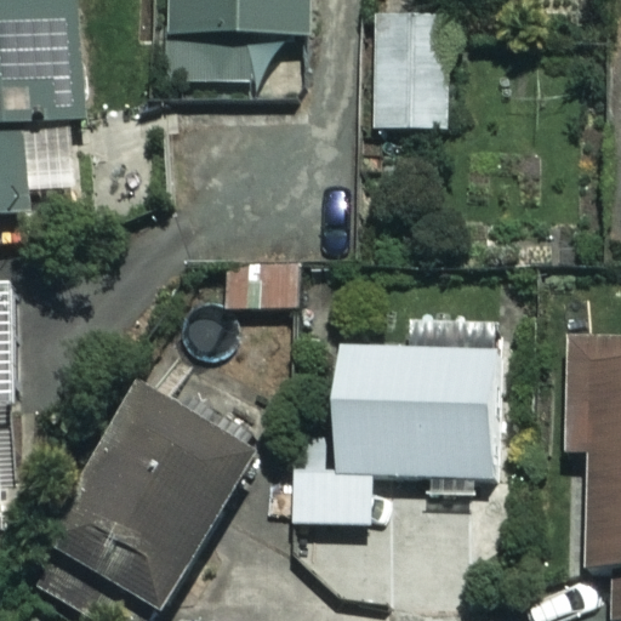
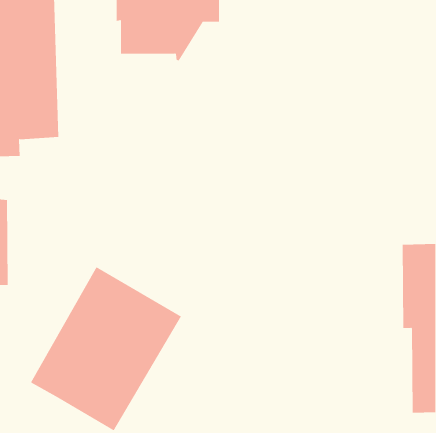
building: [372,8,446,125] -> none
building: [298,330,508,531] -> none

